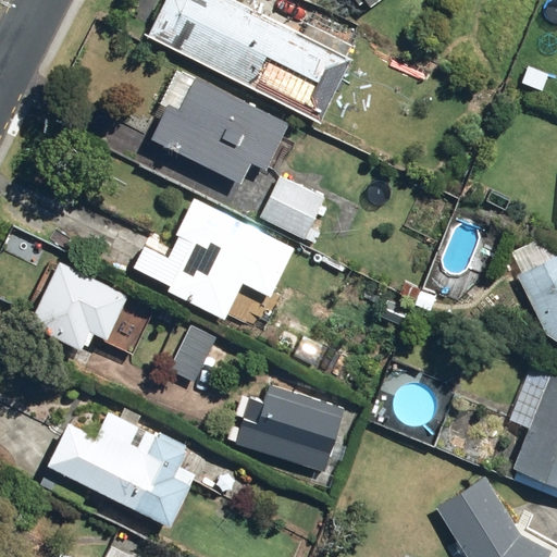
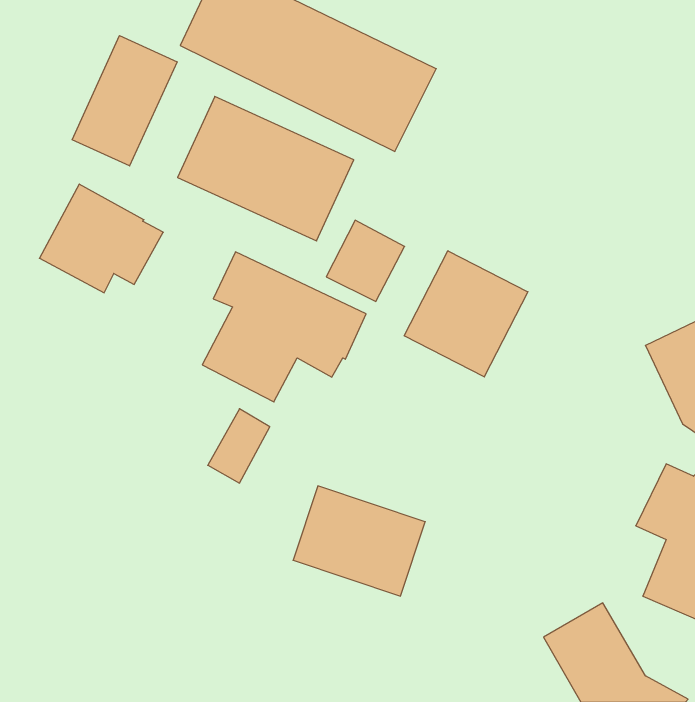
building: none -> [72,36,177,166]
building: none -> [404,251,528,377]
building: [28,260,126,346] -> [39,184,163,293]
building: [45,412,194,528] -> none

